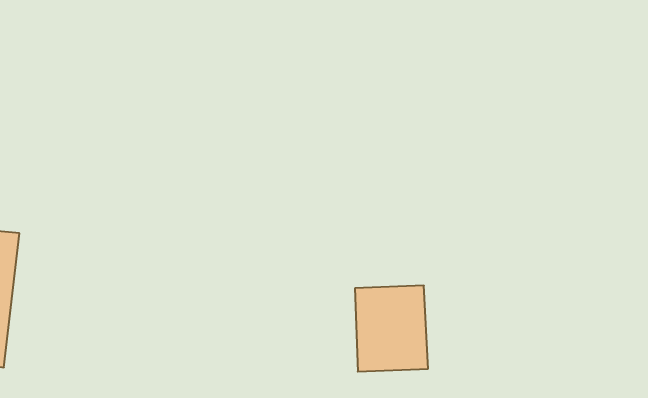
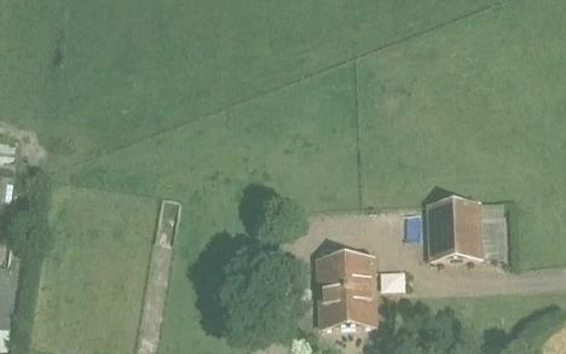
building: none -> [422,199,478,259]

